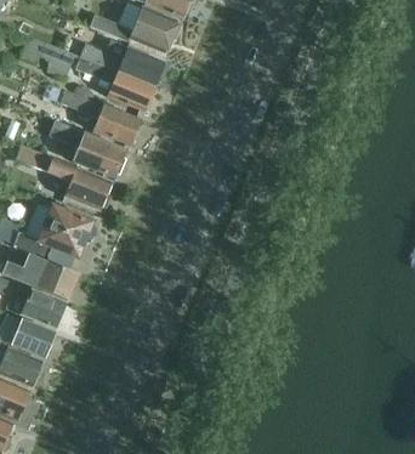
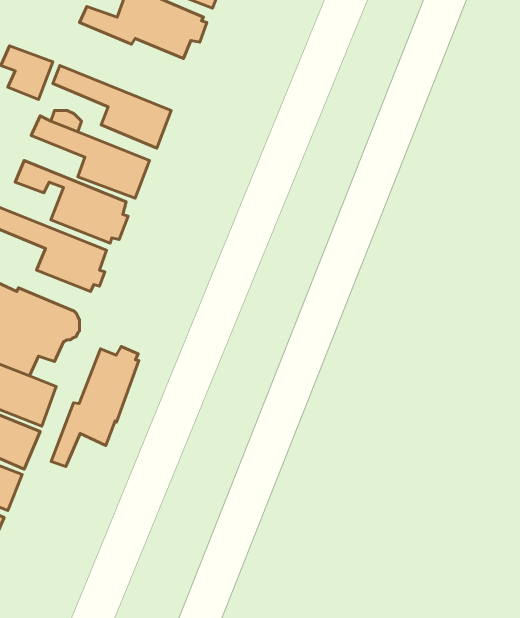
building: [79,44,164,87] -> none
building: none -> [51,346,139,467]

